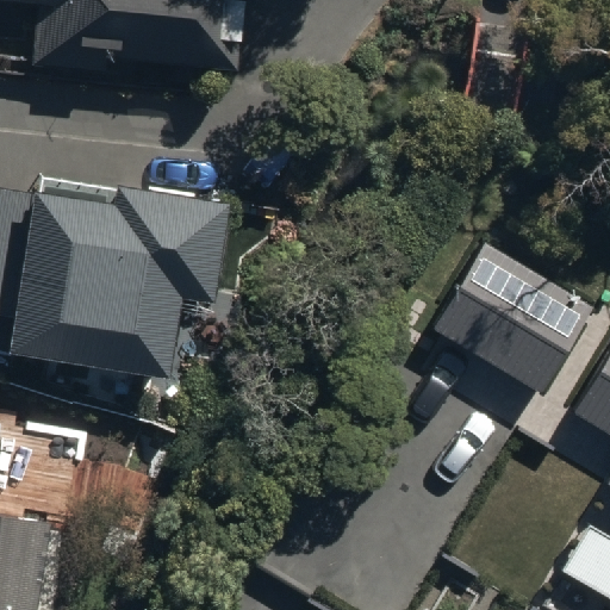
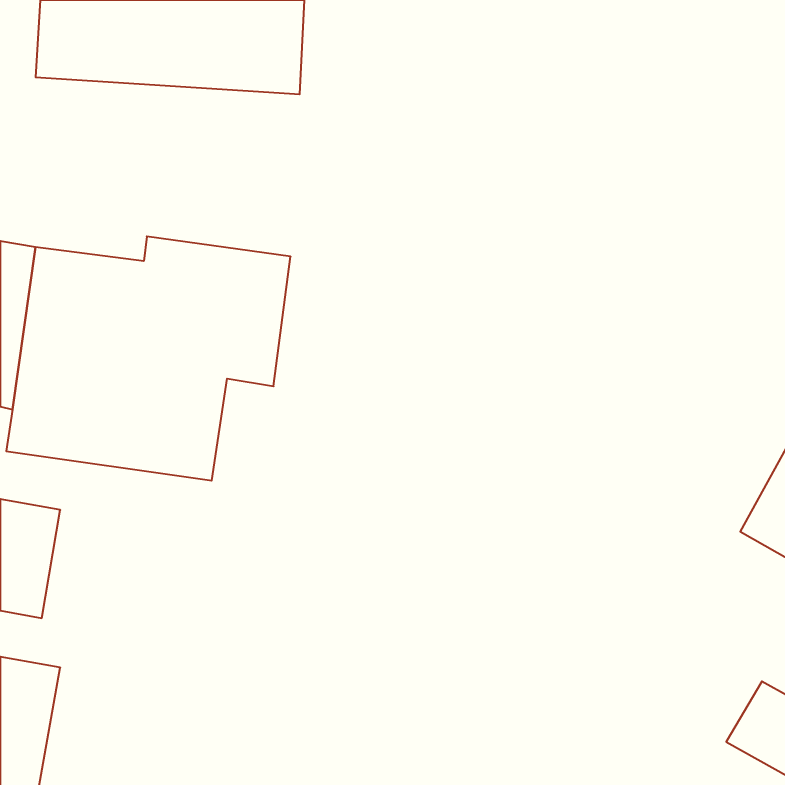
building: [432,239,596,394] -> none

